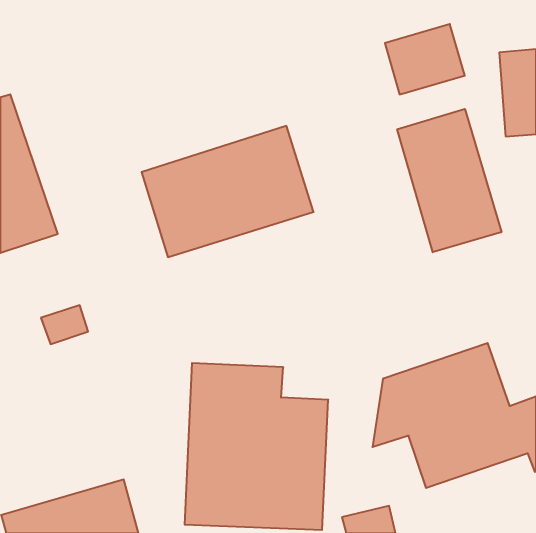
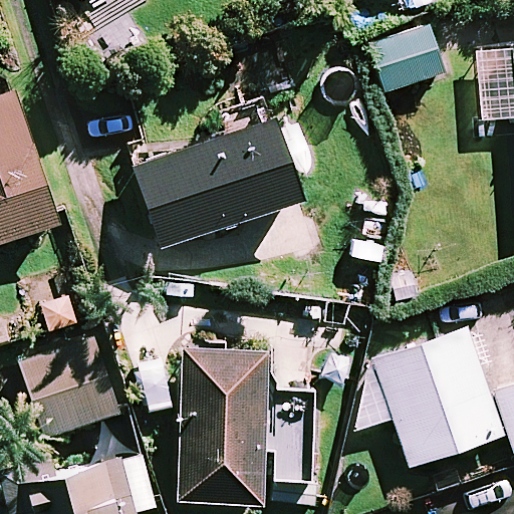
building: [397,109,501,252] -> none
building: none -> [17,334,119,434]

